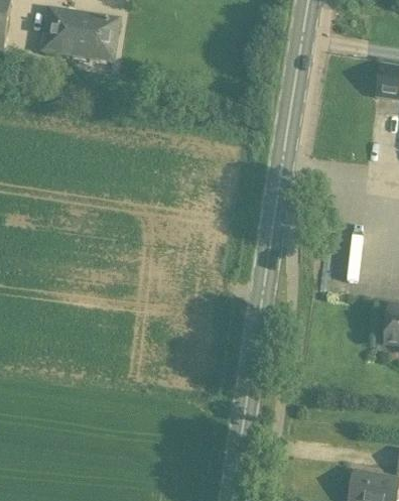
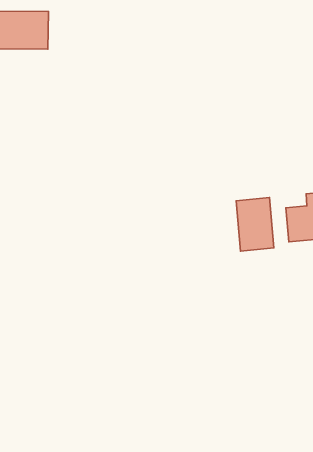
building: none -> [236,197,274,251]

